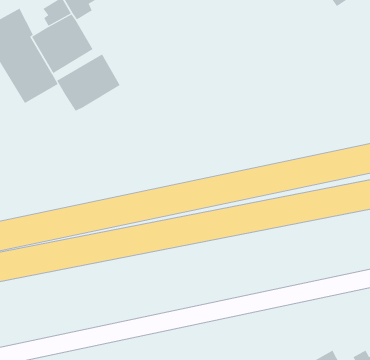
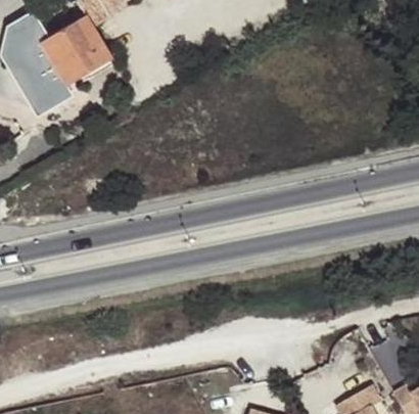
building: [57,53,120,112] -> none

